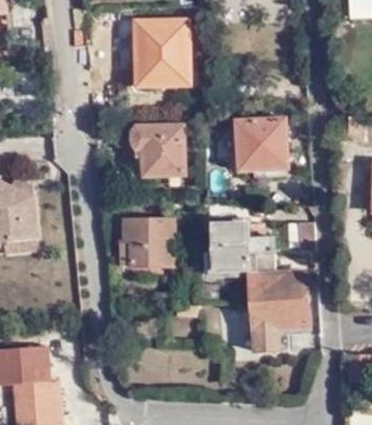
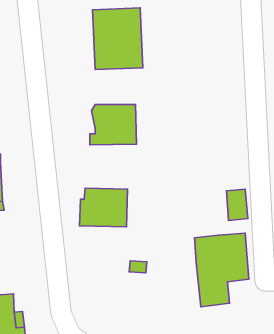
building: [238,119,288,176] -> none
building: [209,222,276,279] -> none

